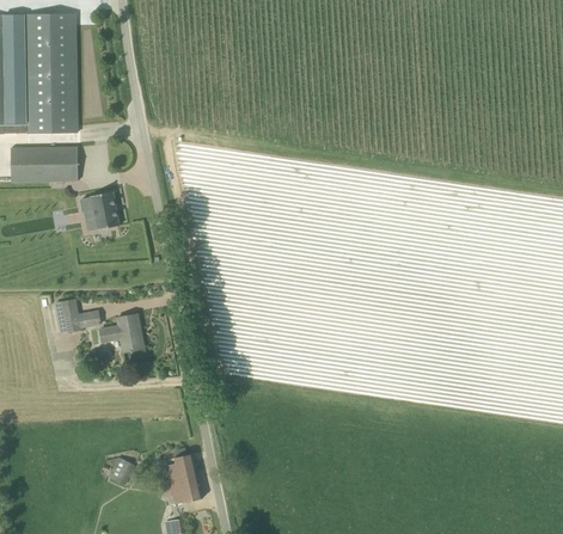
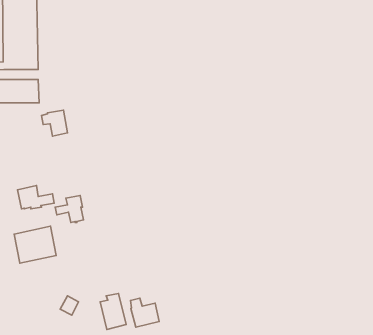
building: none -> [14,226,56,263]
building: none -> [130,298,159,327]

